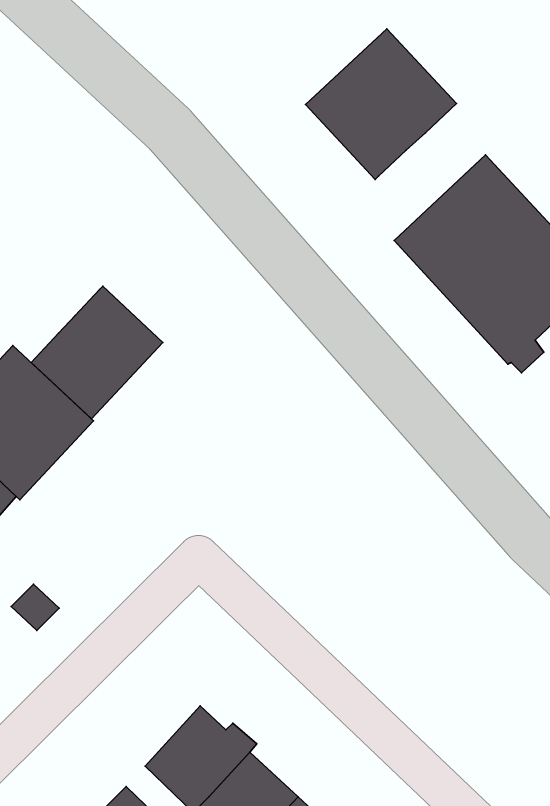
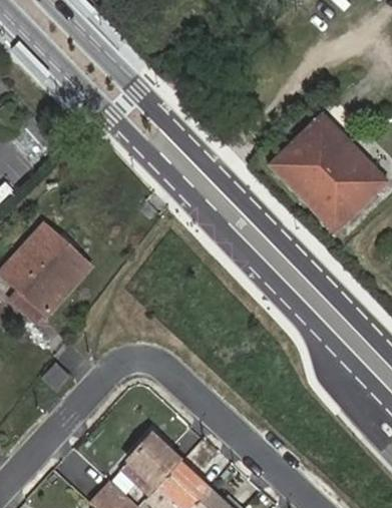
building: [305,29,457,179] -> none
building: [31,286,163,419] -> none

